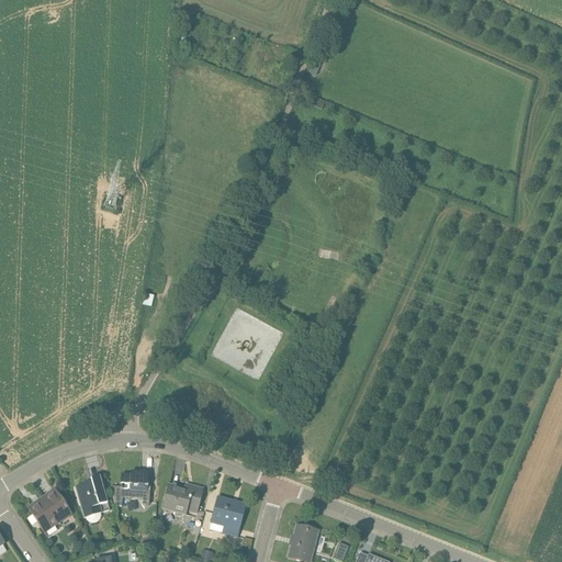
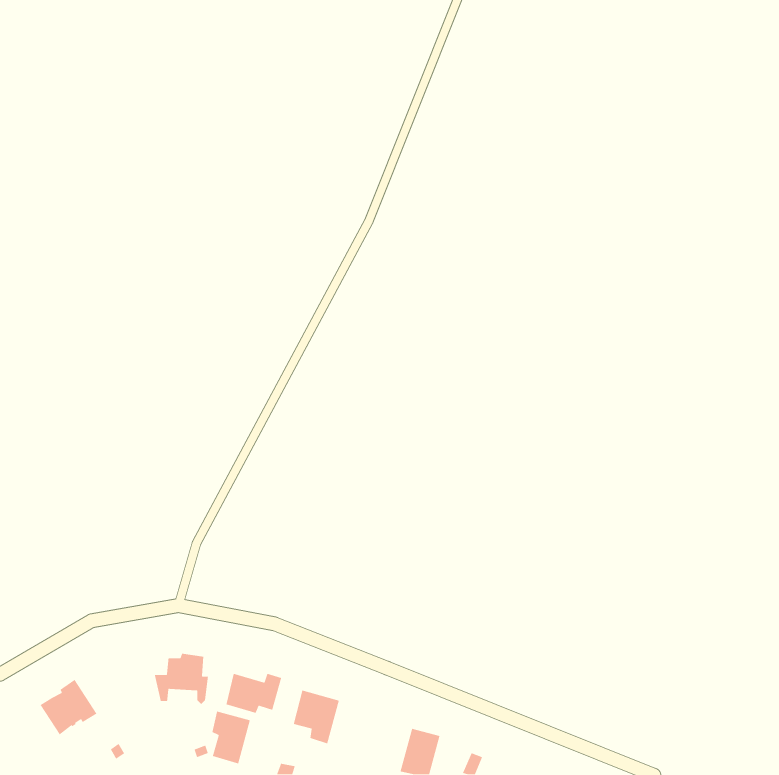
building: [76,474,110,516] -> none
building: none -> [211,710,251,765]

